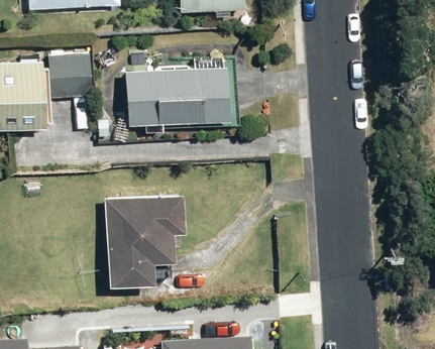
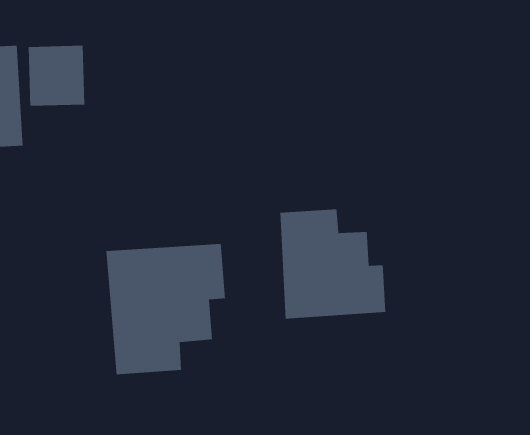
building: [129,68,234,120] -> none
building: none -> [280,208,386,320]

